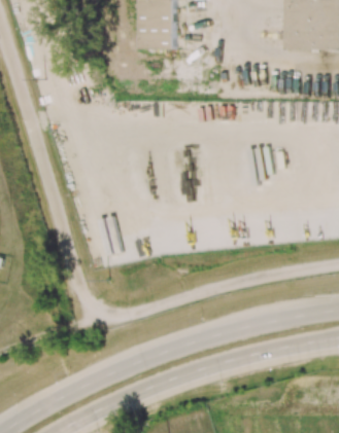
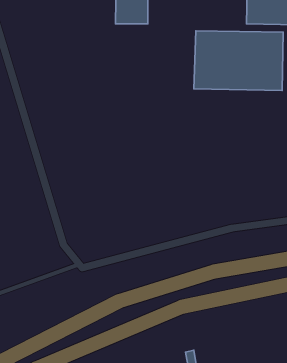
building: none -> [194,31,283,91]

